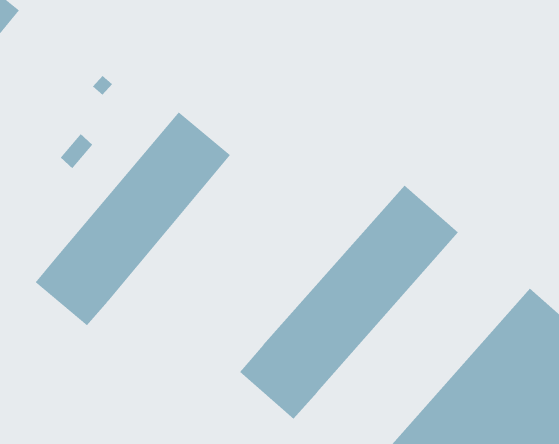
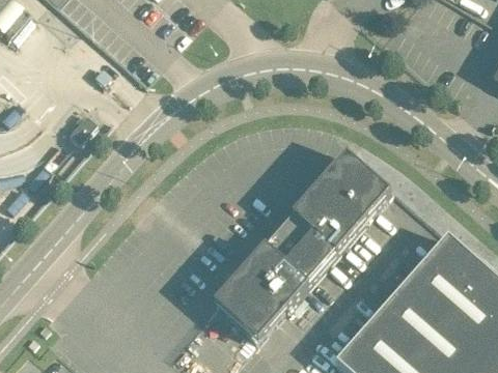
building: [35,111,231,326] -> none

